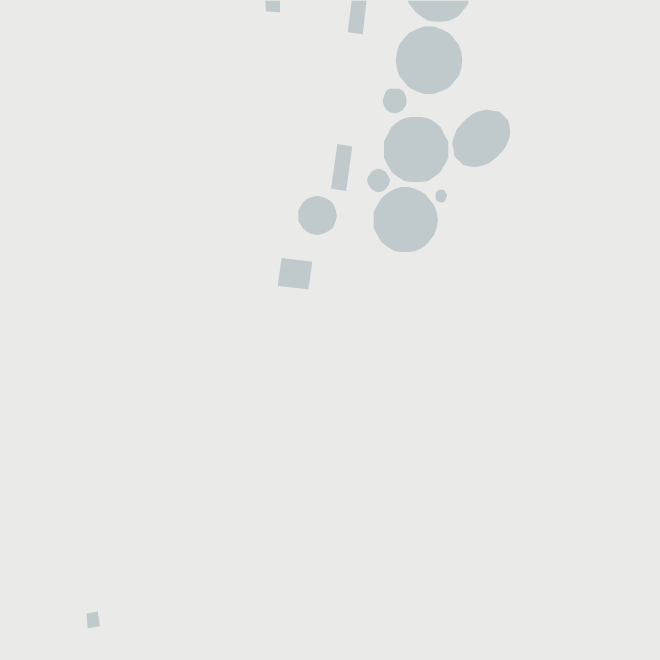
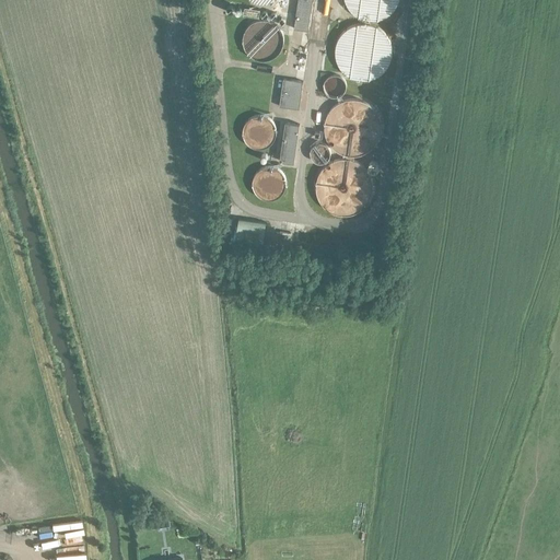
building: none -> [242,21,282,61]
building: none -> [278,79,302,109]
building: [452,109,511,168] -> none
building: none -> [242,116,275,149]

